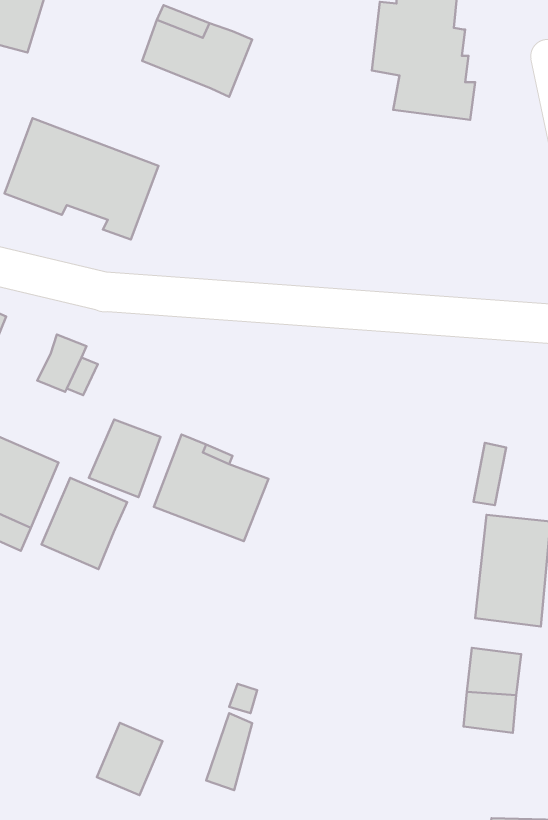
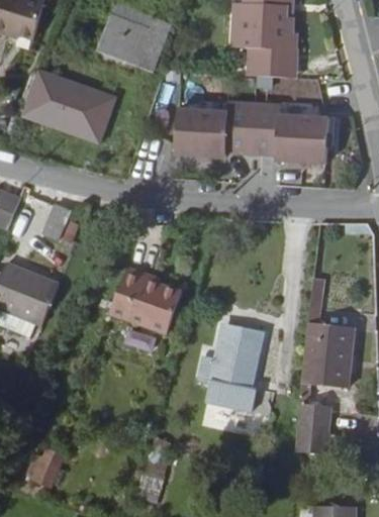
building: none -> [171,100,327,165]
building: [89,420,160,497] -> none
building: [42,478,127,569] -> none
building: none -> [201,331,262,413]
building: [97,723,162,795] -> [25,444,66,489]

